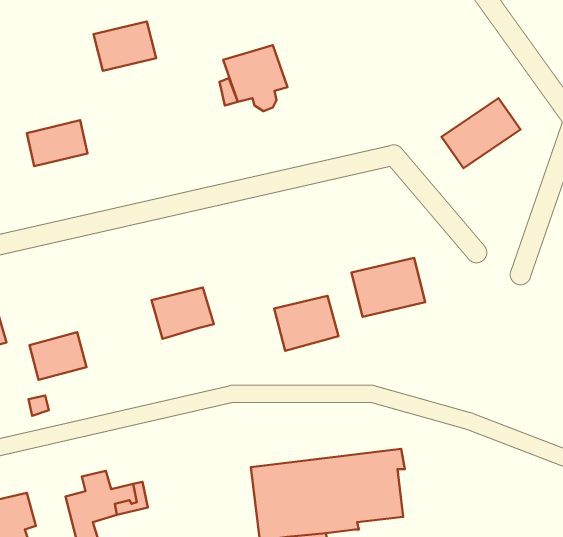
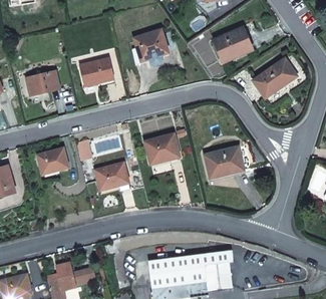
building: [94,21,156,71] -> [79,58,113,85]
building: none -> [213,26,253,62]
building: [274,296,338,351] -> [144,133,180,164]
building: [29,332,86,380] -> [37,147,68,174]

